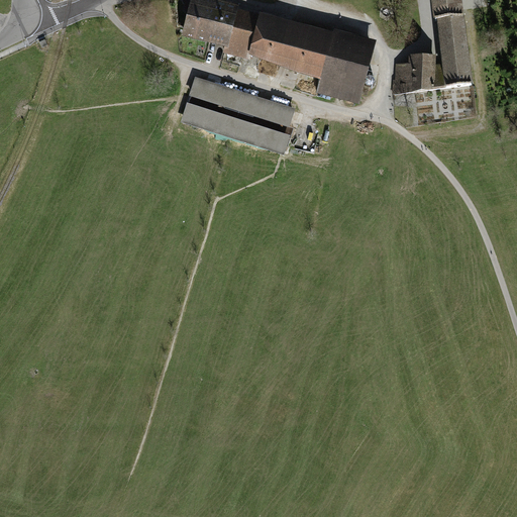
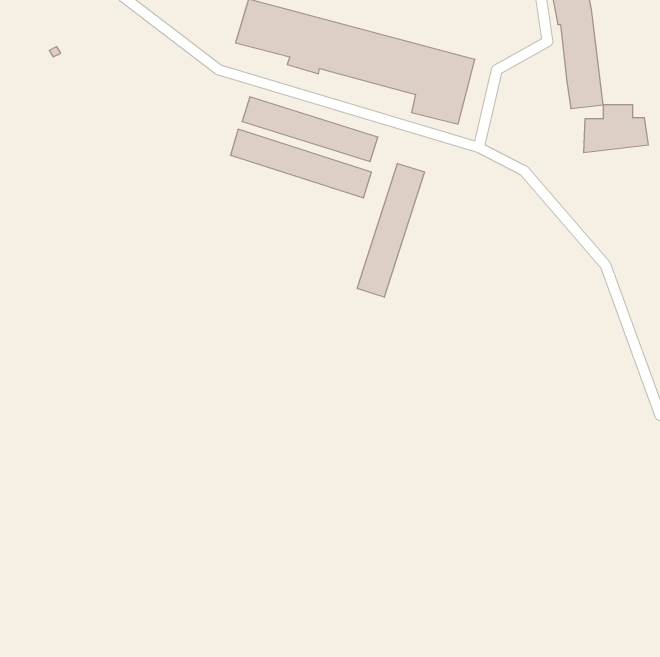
building: [395,54,445,91] -> [584,105,648,153]
building: none -> [357,163,424,297]

